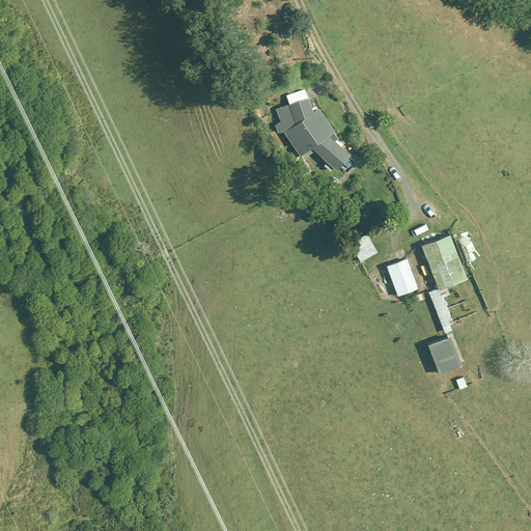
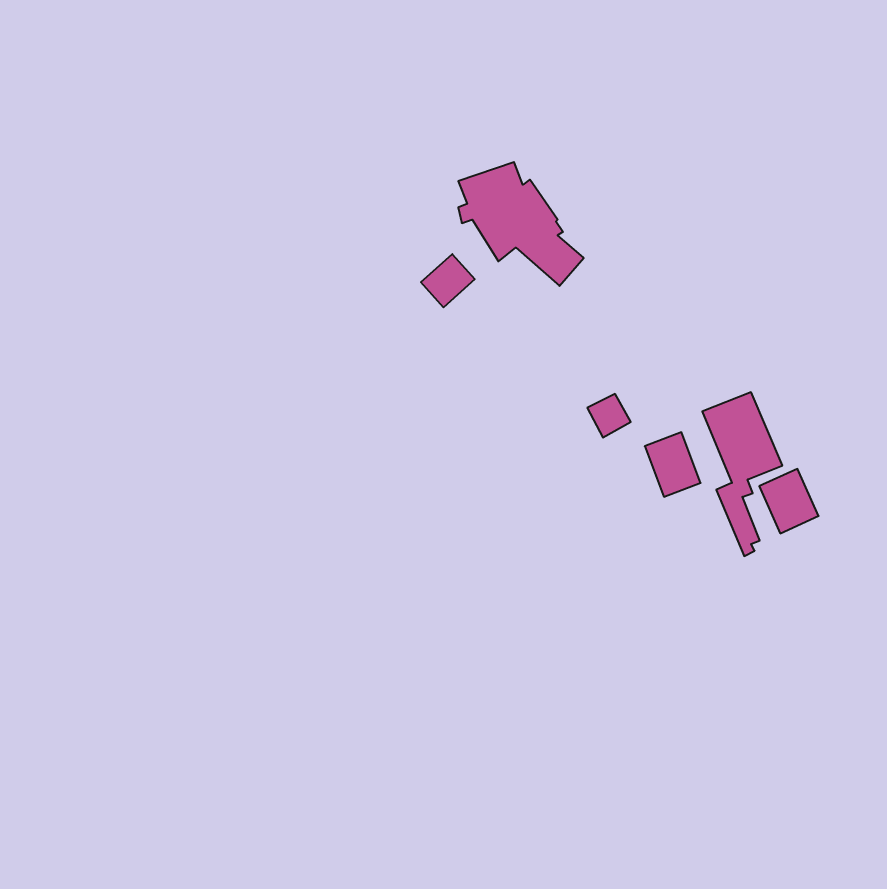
building: none -> [421,254,475,307]
building: [426,335,462,373] -> [759,469,819,533]

